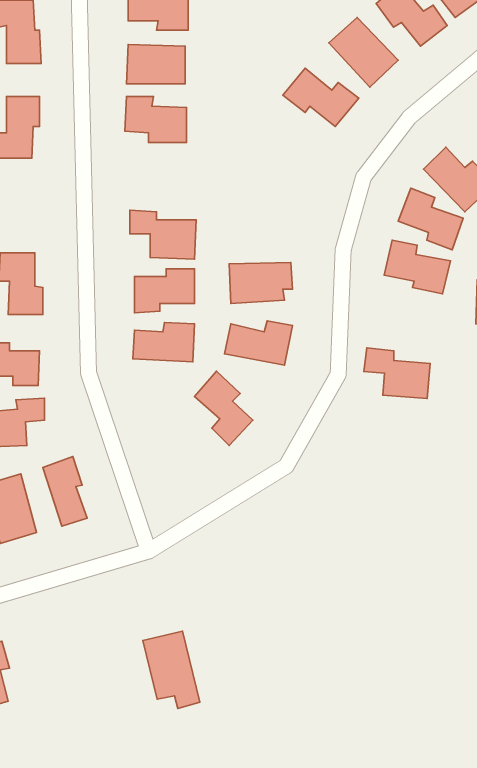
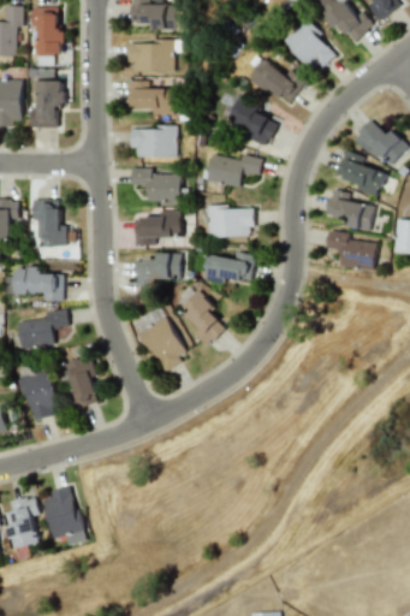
building: none -> [228,97,277,147]
building: none -> [130,128,177,158]
building: none -> [207,154,262,188]
building: [364,348,430,398] -> [326,231,376,270]
building: none -> [135,307,186,372]
building: [143,631,200,709] -> [42,487,85,546]

